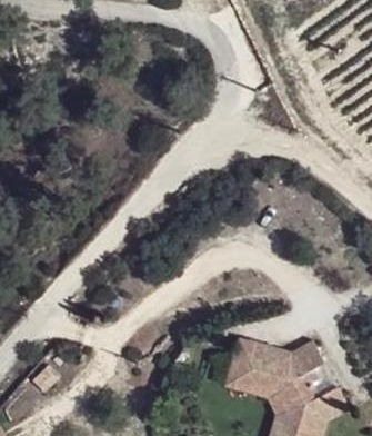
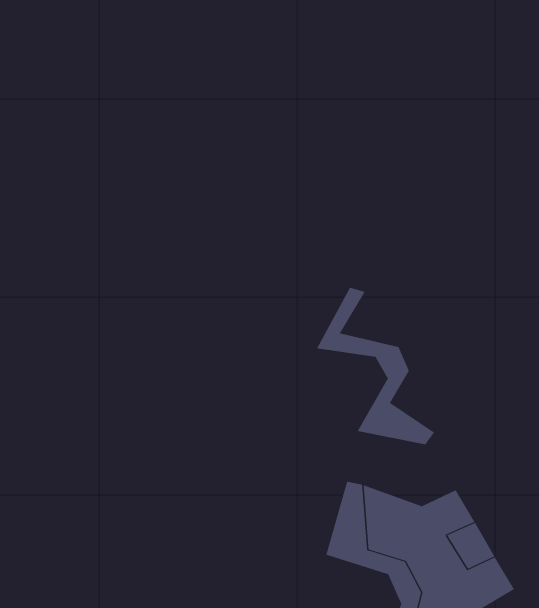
building: none -> [316,287,435,445]

